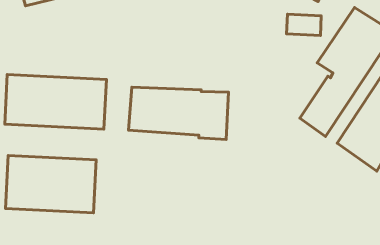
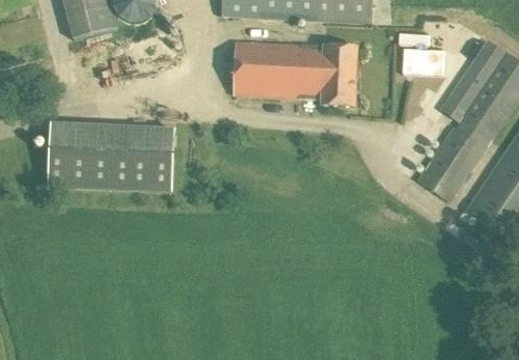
building: [129,87,229,139] -> [233,40,358,106]
building: [5,155,96,213] -> none

